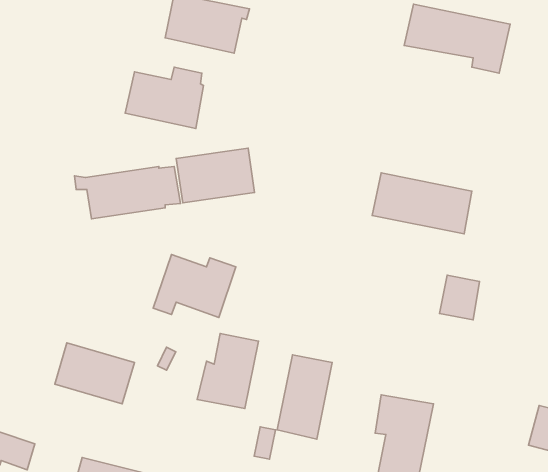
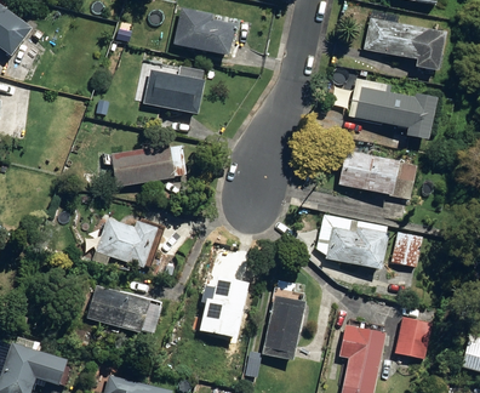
building: none -> [354,80,436,138]
building: [176,148,255,203] -> none
building: none -> [316,212,388,269]
building: [153,255,236,317] -> [91,217,156,267]
building: none -> [395,315,432,358]

